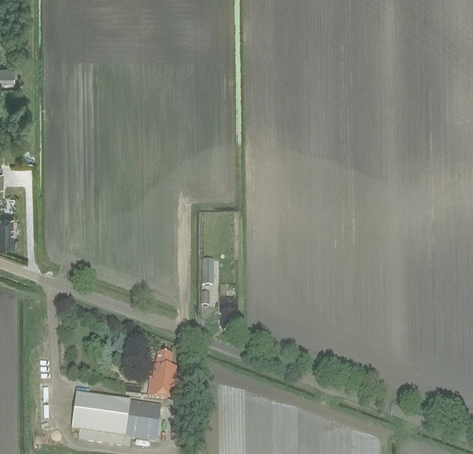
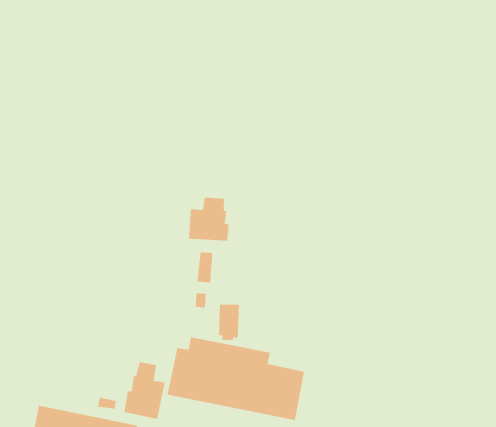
building: none -> [188,197,229,242]
building: none -> [167,336,305,421]

